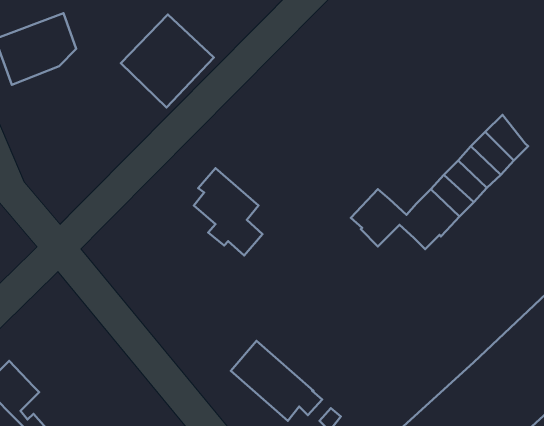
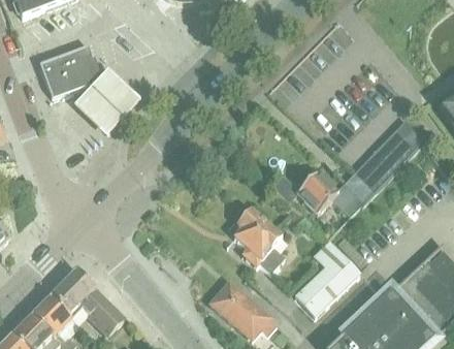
building: [121,14,214,107] -> [72,76,139,144]
building: [194,168,263,256] -> [233,210,283,273]
building: none -> [295,239,360,315]
building: none -> [50,268,123,332]

